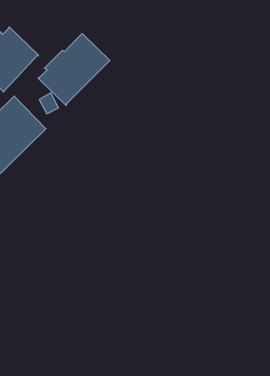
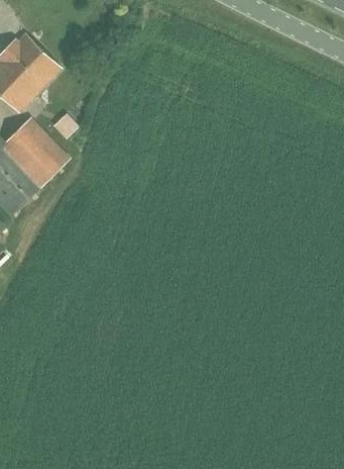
building: [38,34,110,105] -> none

